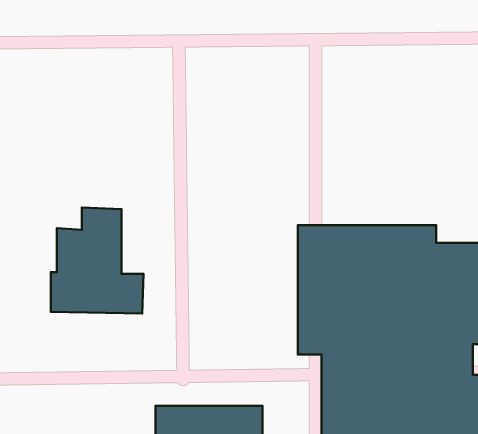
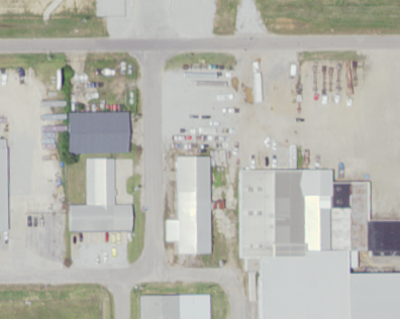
building: none -> [68,112,129,153]
building: none -> [168,156,222,253]

